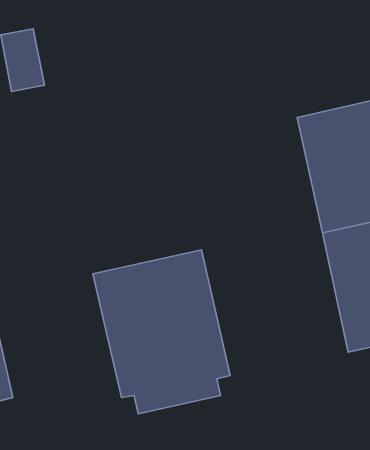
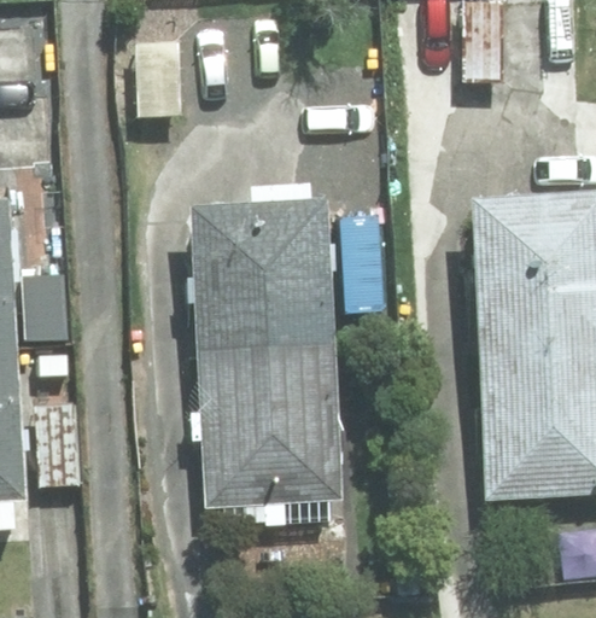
building: none -> [192,198,334,348]

